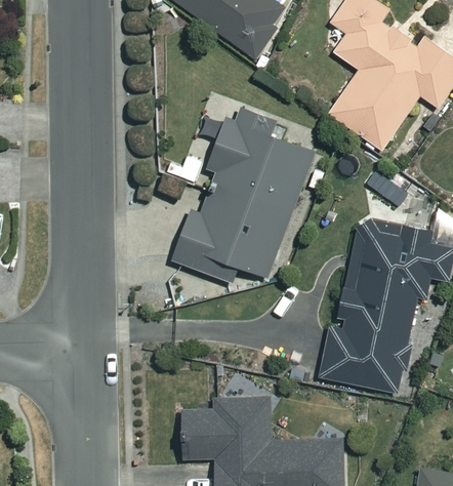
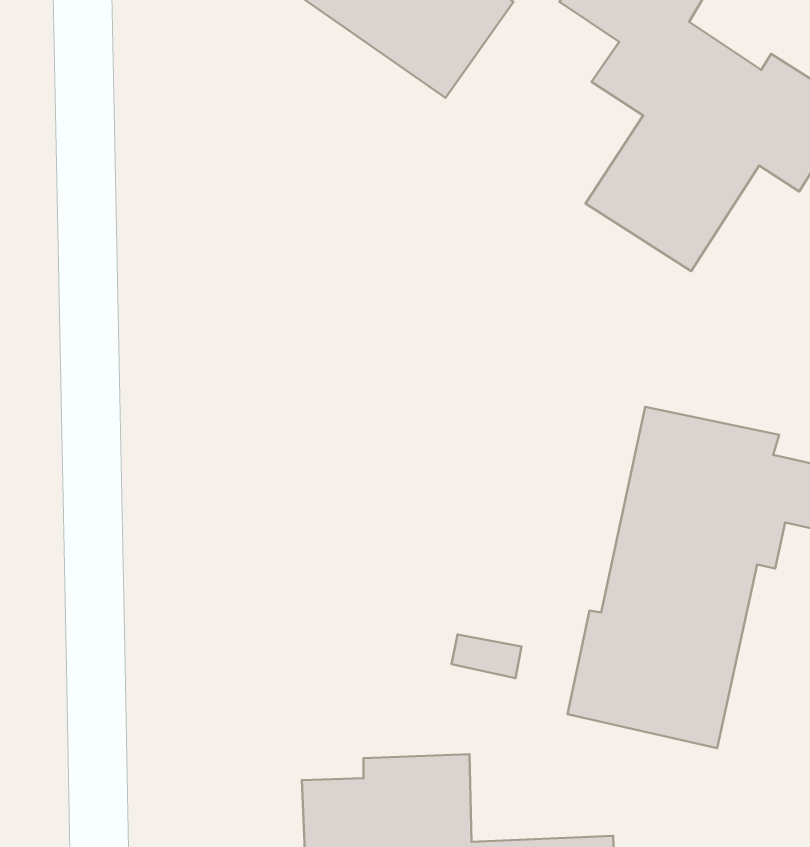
building: [174,110,316,294] -> none

